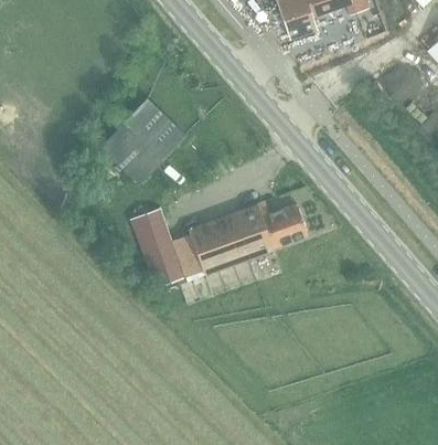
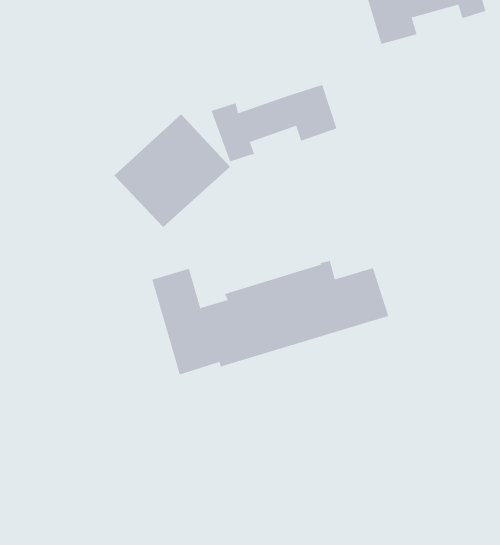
building: none -> [211,84,337,162]

